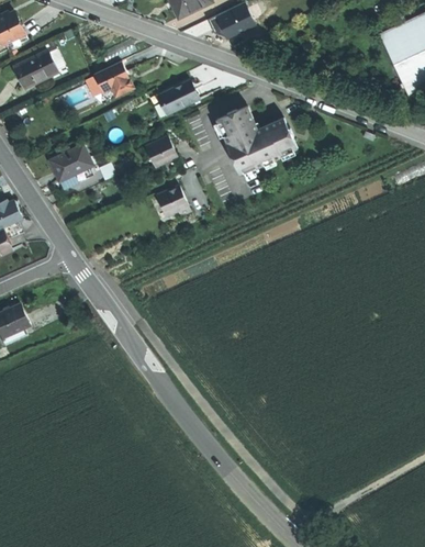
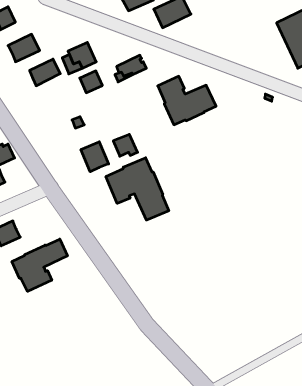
building: [145,137,176,167] -> [80,71,102,93]
building: [49,146,91,182] -> [30,59,60,86]
building: none -> [81,142,109,172]
building: none -> [106,158,169,220]
building: none -> [12,239,67,291]

